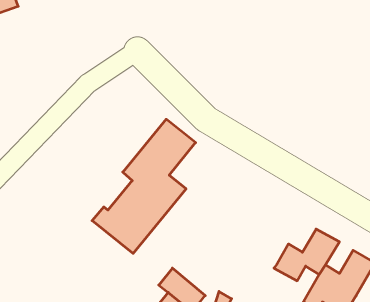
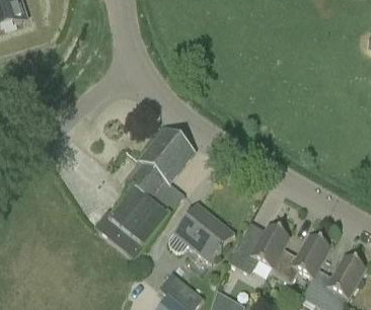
building: none -> [168,205,233,261]
building: none -> [228,224,290,274]

